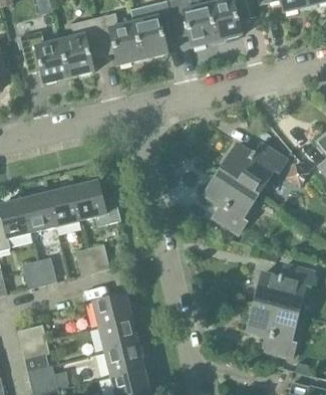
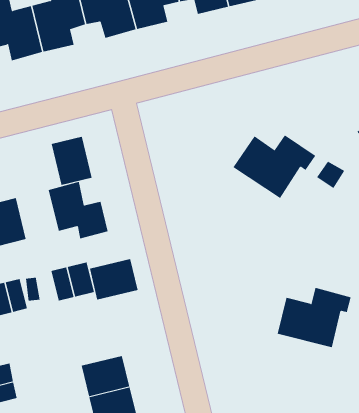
building: [203,169,257,233] -> none
building: [47,187,80,226] -> [51,136,93,186]
building: [92,293,131,327] -> [89,258,138,300]
building: [247,302,298,357] -> none

